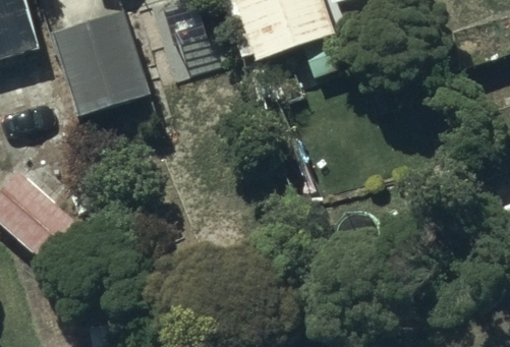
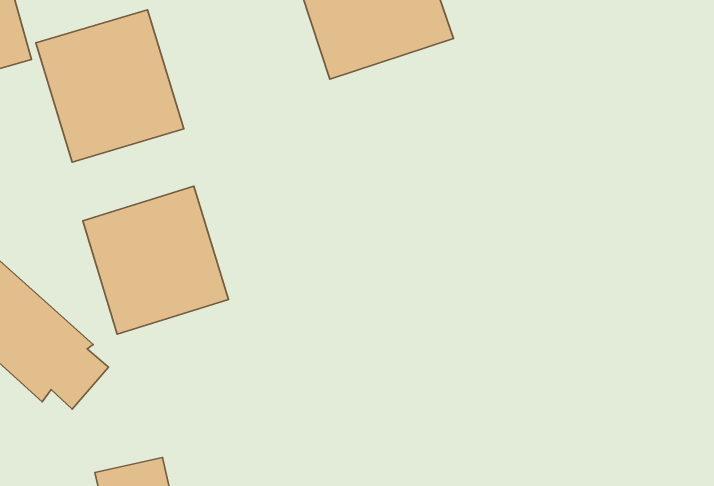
building: none -> [83,186,228,334]

